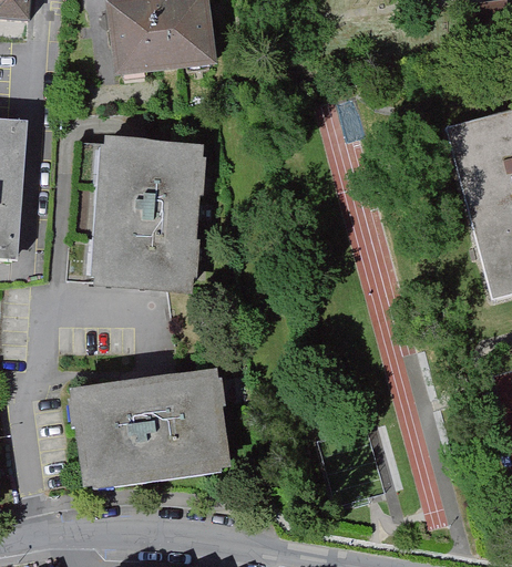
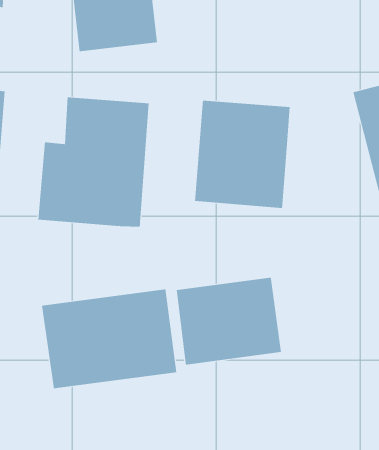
building: none -> [194,100,290,209]
building: none -> [176,277,281,365]

